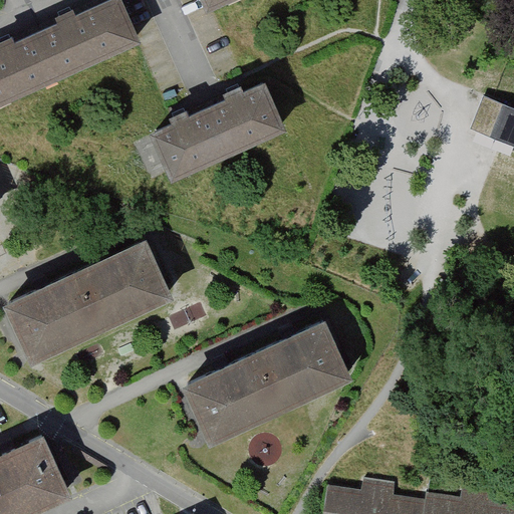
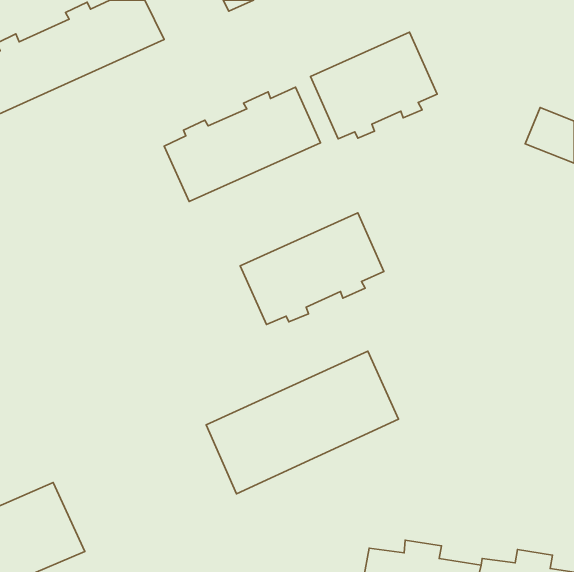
building: none -> [310,32,437,139]
building: none -> [240,213,384,324]
building: [4,238,176,363] -> none

